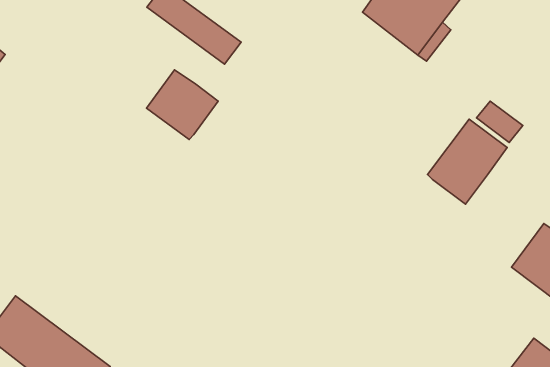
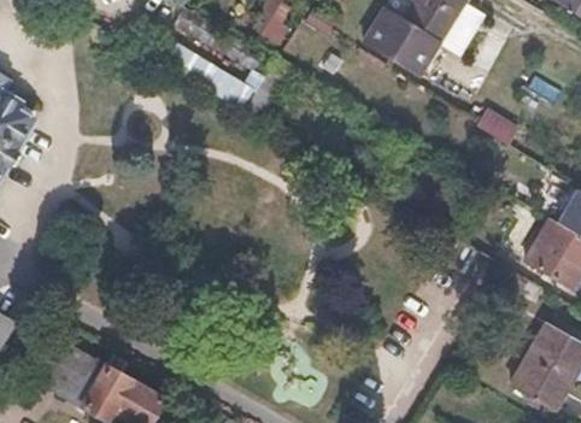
building: [146,70,218,140] -> none
building: [427,119,507,204] -> none

